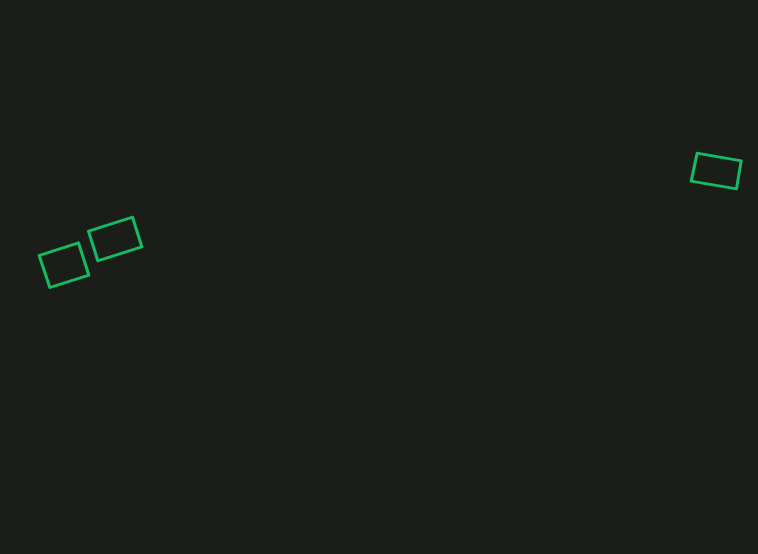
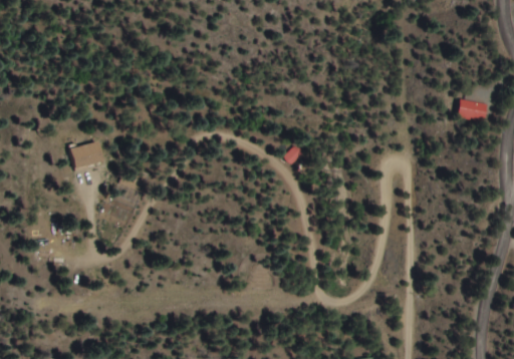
building: [39,243,89,288] -> none

